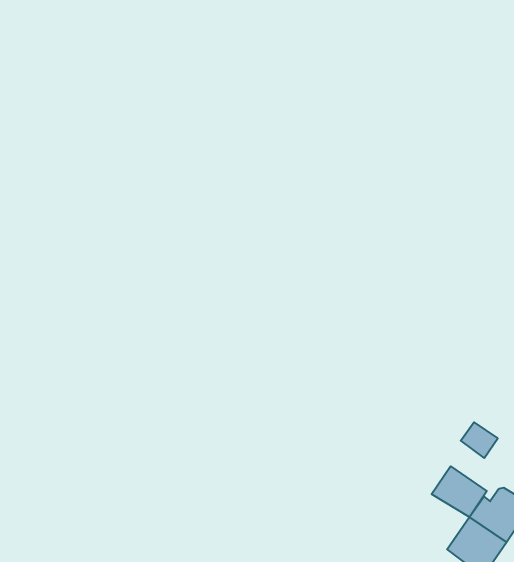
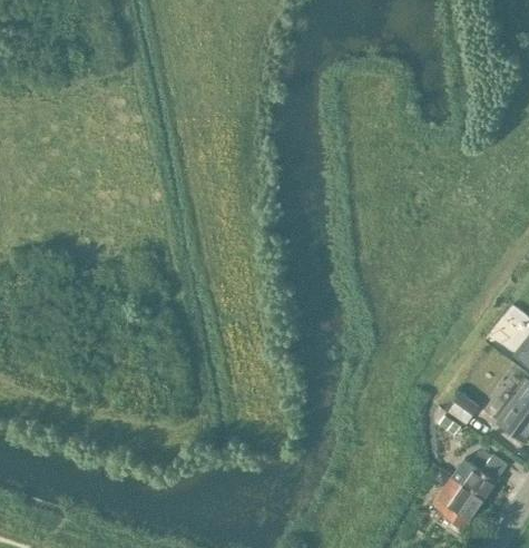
building: [432,466,487,517] -> none

